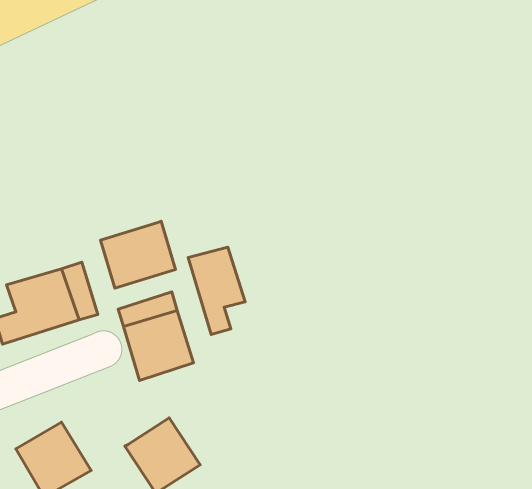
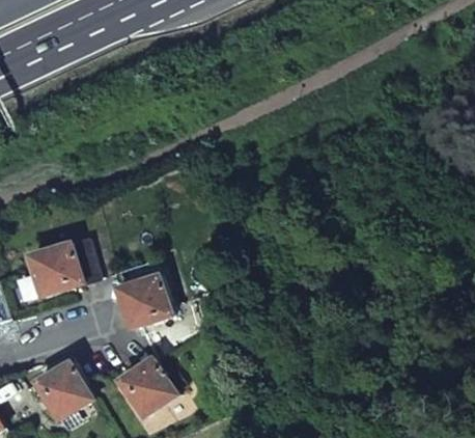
building: [100,221,176,288] -> none
building: [188,247,245,335] -> none

